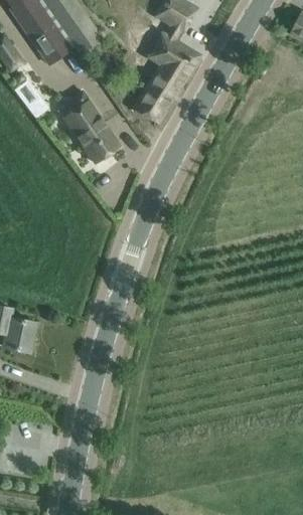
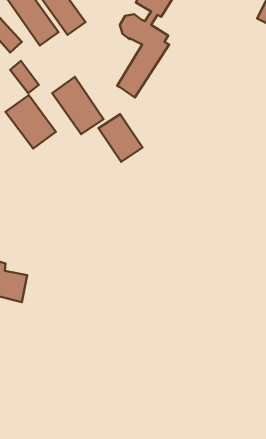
building: none -> [6,95,56,149]
building: none -> [98,114,142,162]

